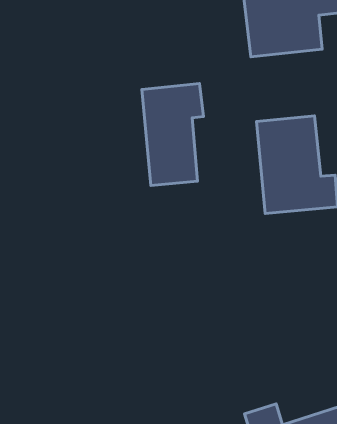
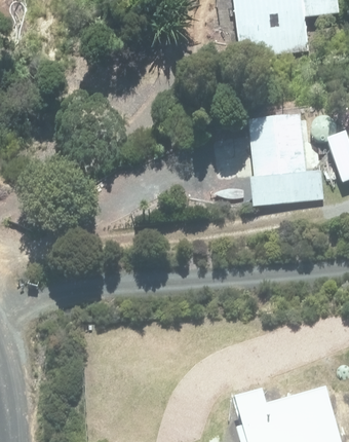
building: [142,84,203,185] -> none

